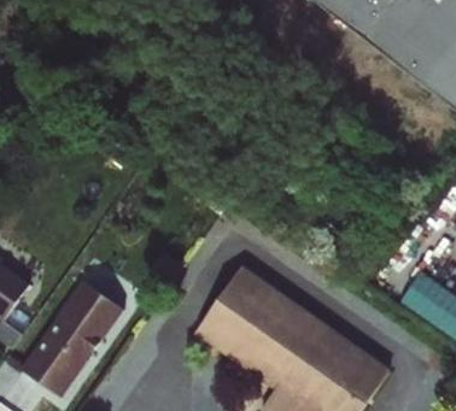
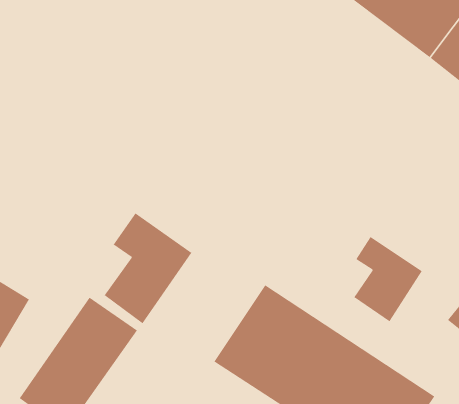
building: none -> [104,212,192,324]
building: none -> [354,236,423,322]

